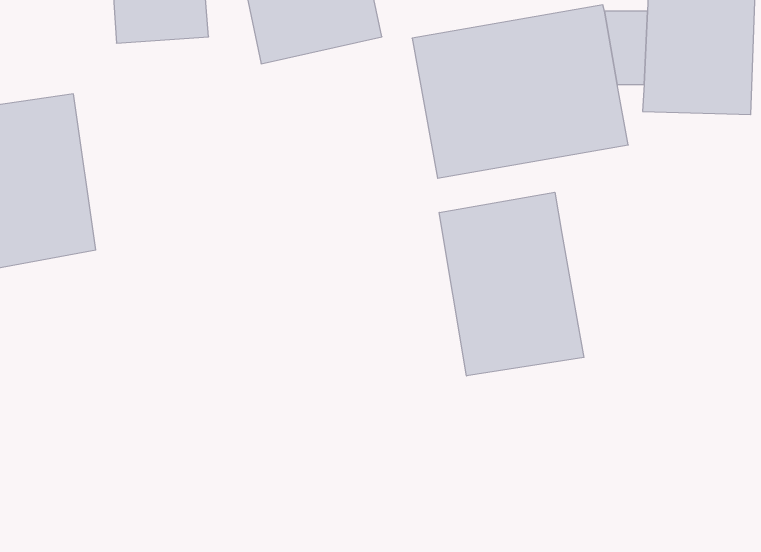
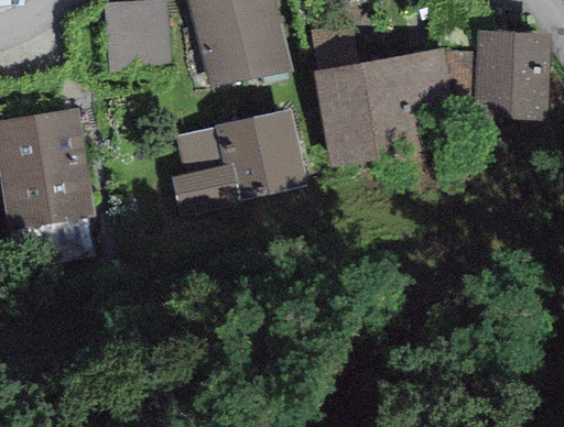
building: none -> [172,109,307,215]
building: [439,192,584,376] -> none

